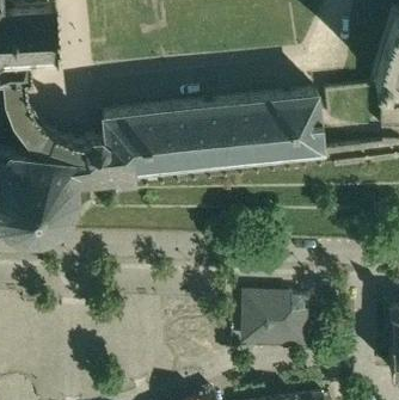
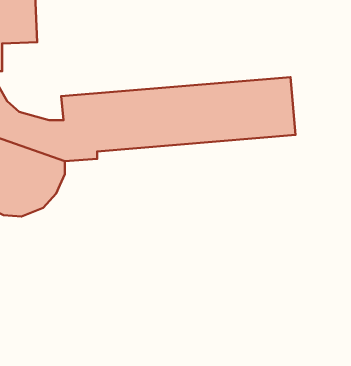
building: [240,295,309,355] -> none

